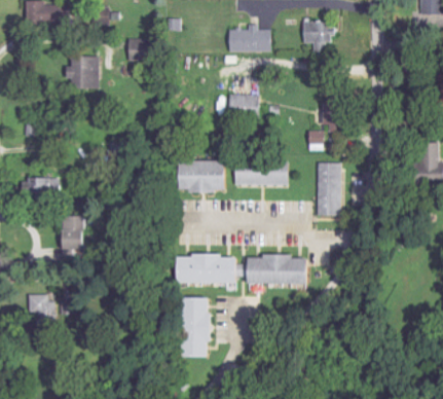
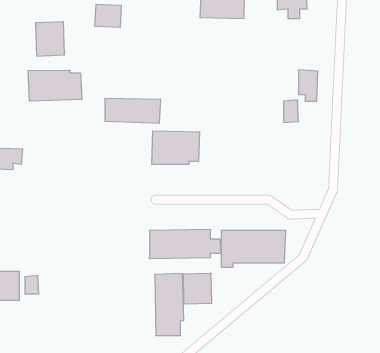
building: [229,94,259,113] -> none
building: none -> [28,70,82,101]
building: [234,161,288,185] -> [105,99,161,123]
building: [316,161,340,215] -> none
building: [61,215,82,259] -> none
building: none -> [183,273,211,304]

